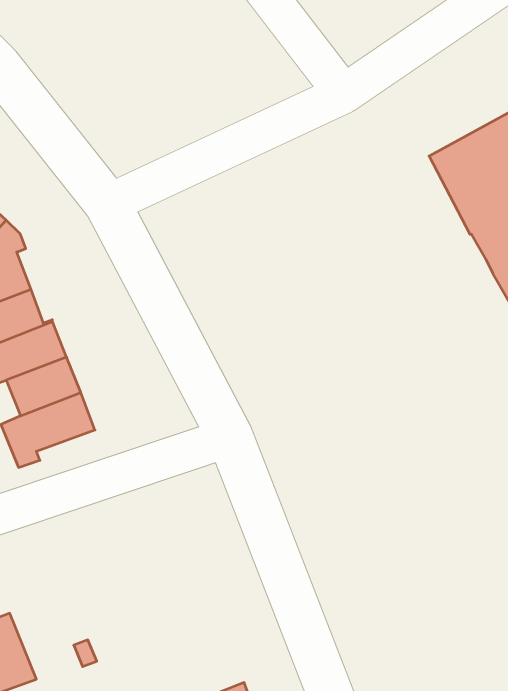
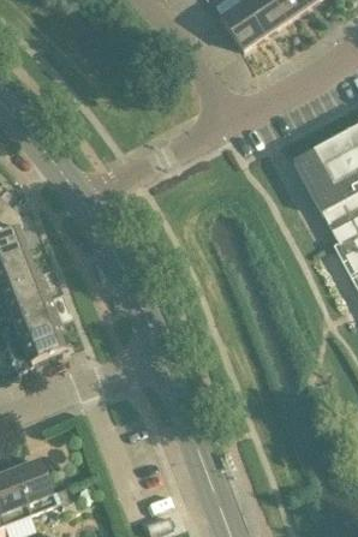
building: none -> [11,458,54,513]

